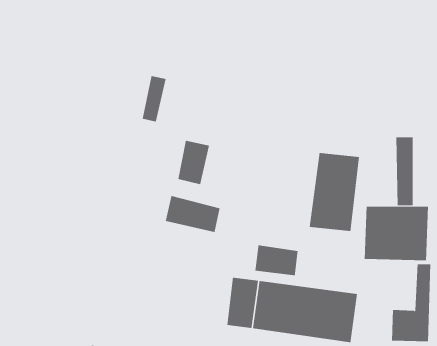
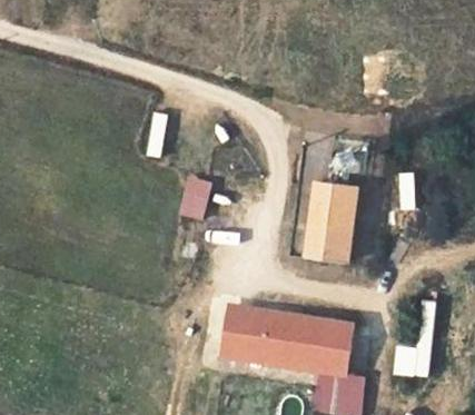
building: [165,195,220,233] -> none
building: [364,206,429,261] -> none
building: [255,244,298,276] -> none

